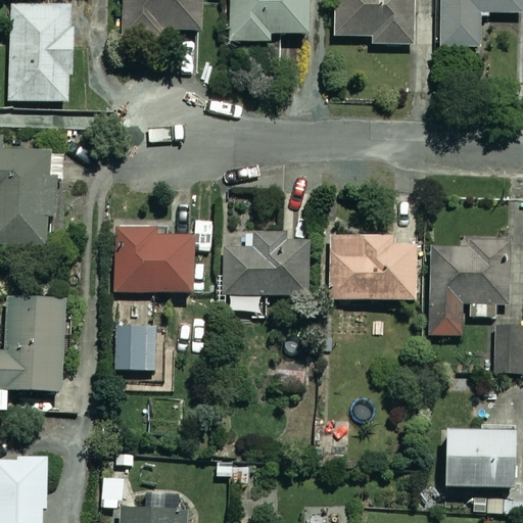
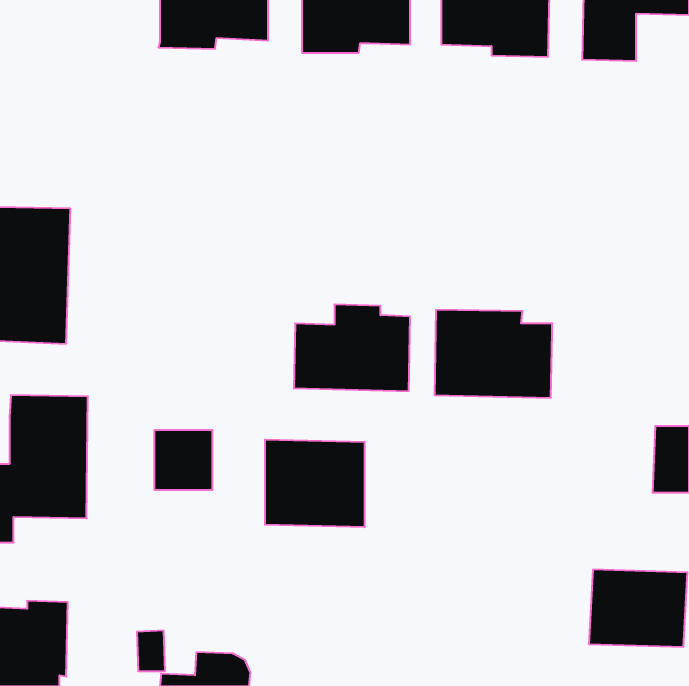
building: [7,10,76,106] -> none
building: [113,225,194,293] -> none
building: [428,237,511,334] -> none
building: none -> [265,439,365,527]

